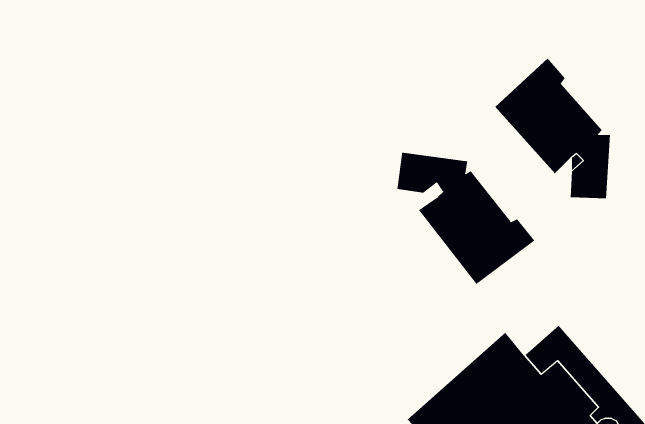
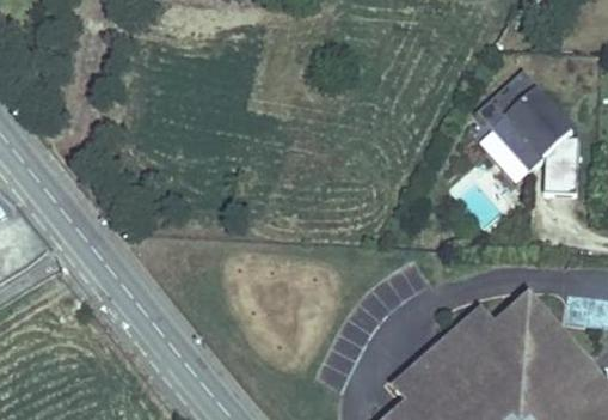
building: [397,152,535,285] -> none

